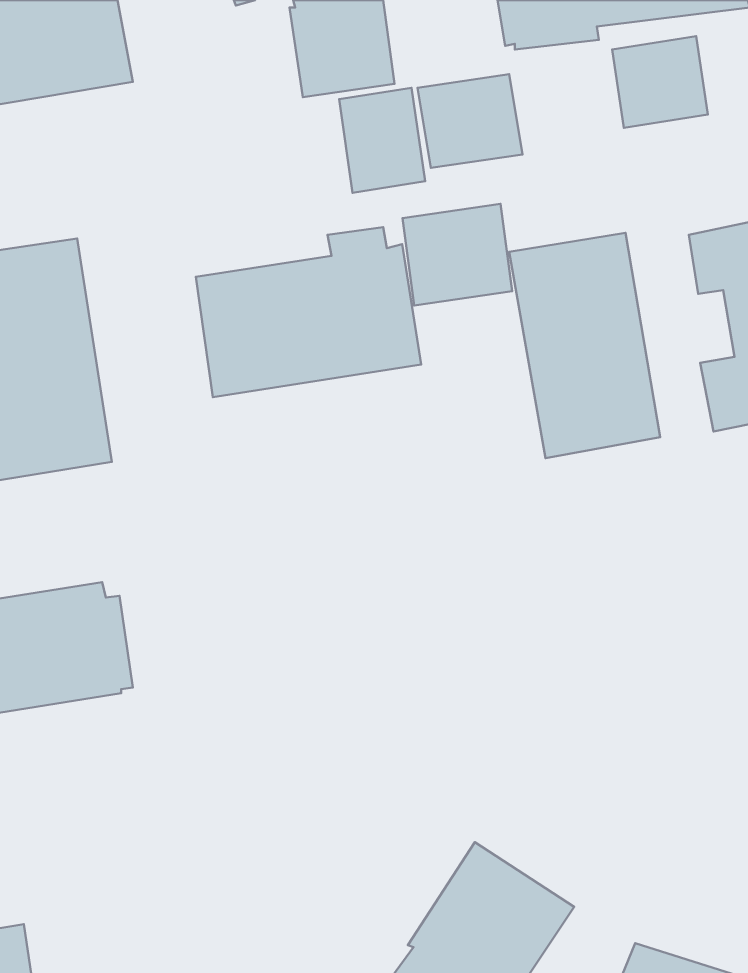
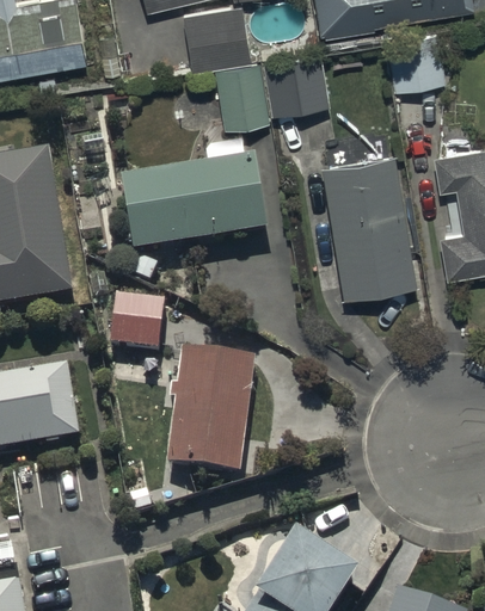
building: [403,204,512,305] -> none
building: none -> [108,291,164,350]
building: none -> [166,346,253,471]

